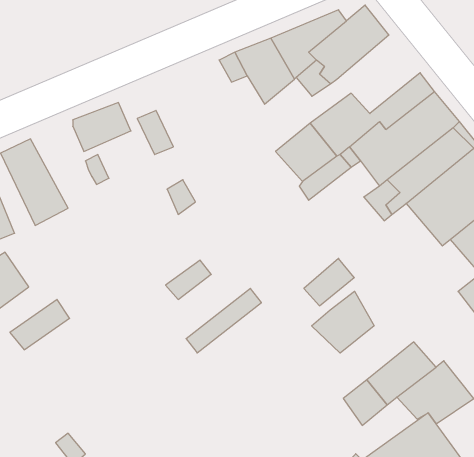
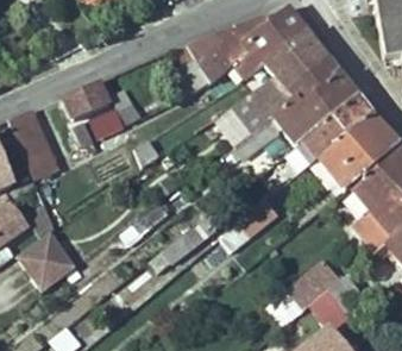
building: none -> [265,31,328,90]
building: [312,291,374,353] -> none
building: none -> [29,245,77,292]

